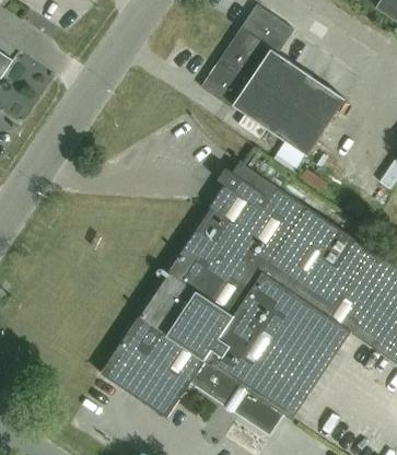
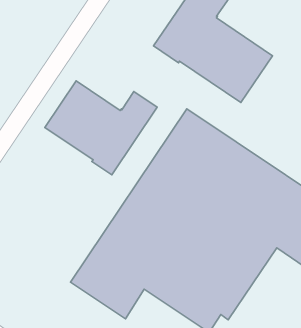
building: none -> [45,81,157,175]

